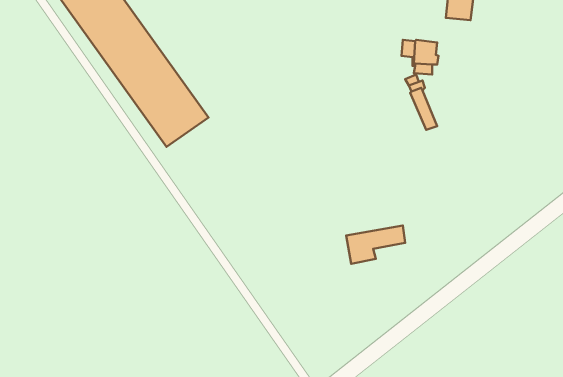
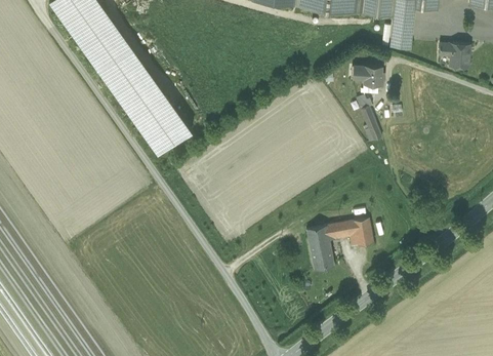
building: none -> [439,45,469,70]
building: none -> [354,220,374,248]
building: none -> [311,250,334,272]

